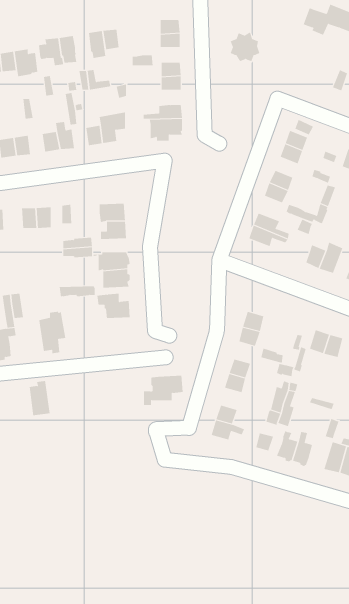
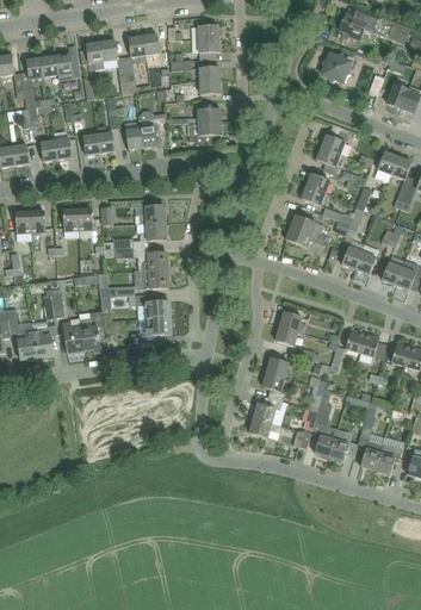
building: [230,31,260,62] -> [321,51,351,81]
building: [143,375,183,406] -> [131,316,171,346]
building: [29,381,51,416] -> [62,317,83,351]

